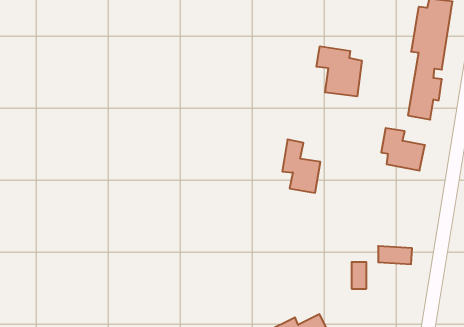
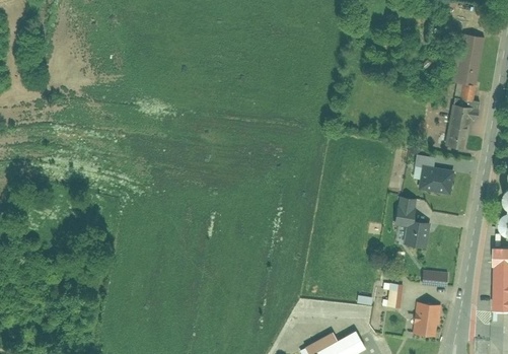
building: [316,46,362,96] -> none
building: [282,140,320,193] -> [397,202,434,253]
building: none -> [413,304,437,334]

